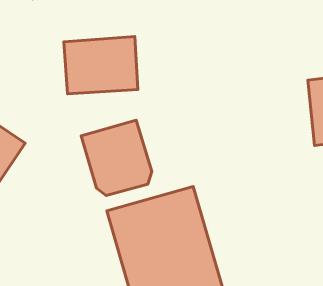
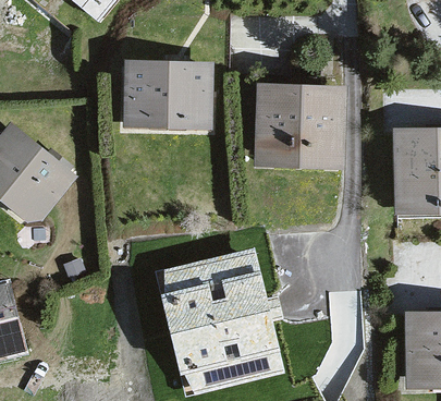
building: none -> [257,92,339,170]
building: [81,120,152,196] -> none

